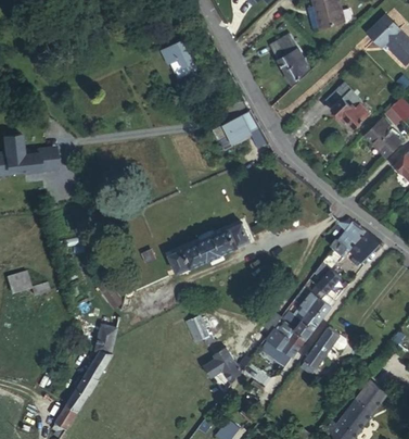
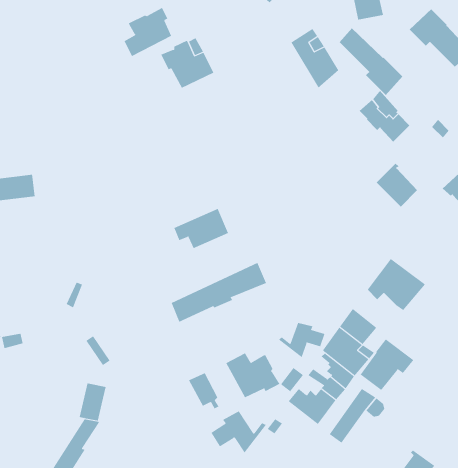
building: none -> [124,7,172,57]
building: none -> [339,27,403,96]
building: [213,110,258,143] -> [173,208,229,249]
building: [365,118,399,155] -> [376,163,418,207]
building: none -> [278,322,325,358]
building: none -> [360,338,414,391]
building: none -> [226,353,280,398]

